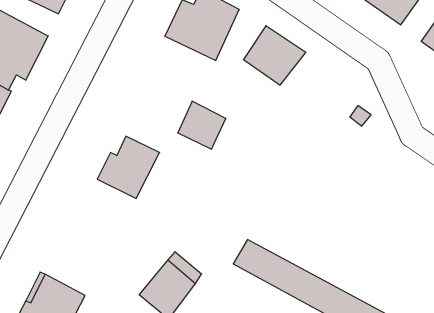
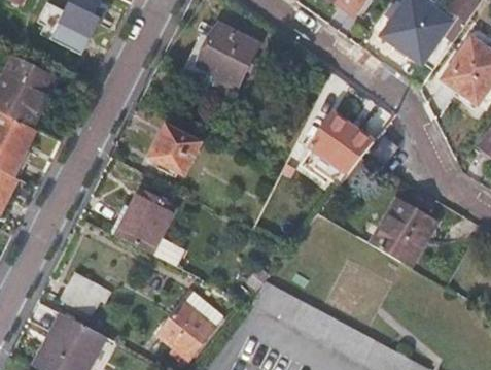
building: [243,26,306,85] -> [309,116,372,176]
building: [178,101,226,149] -> [151,126,200,174]
building: none -> [369,201,436,269]
building: none -> [61,274,103,314]

